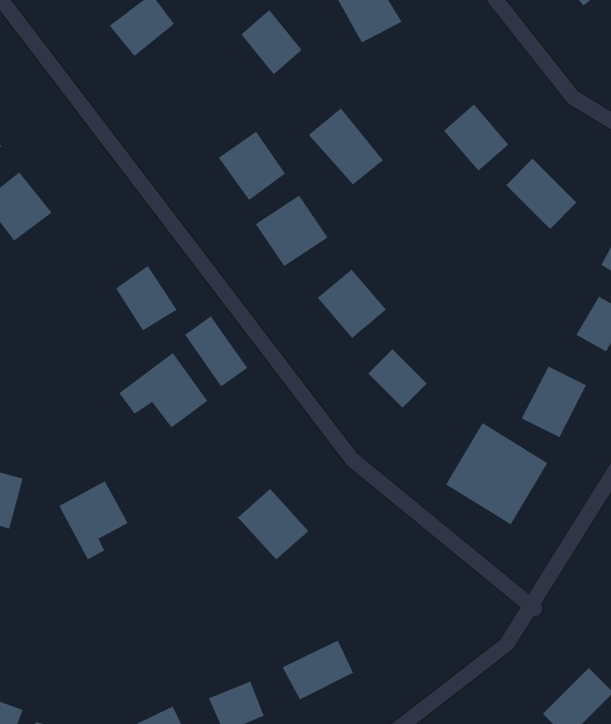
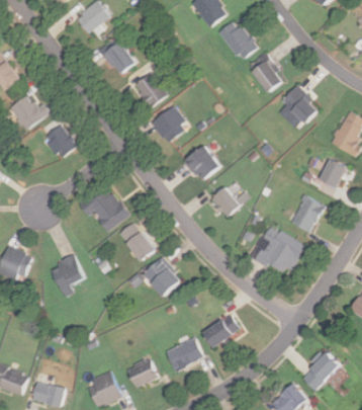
building: [240,9,303,75] -> [102,40,134,75]
building: [308,108,384,185] -> [217,19,257,60]
building: [115,265,177,331] -> [44,124,77,158]
building: [184,315,248,387] -> [119,222,153,259]
building: none -> [201,314,239,345]

